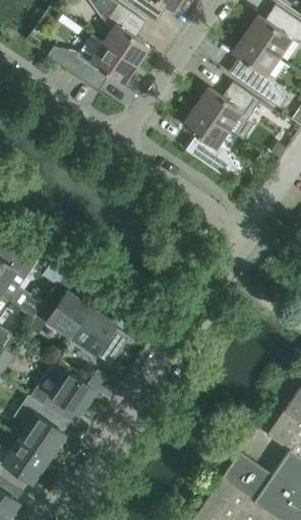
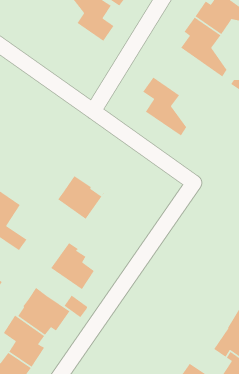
building: [48,36,136,91] -> none
building: [196,82,260,130] -> none
building: [38,285,95,339] -> [57,175,105,220]

